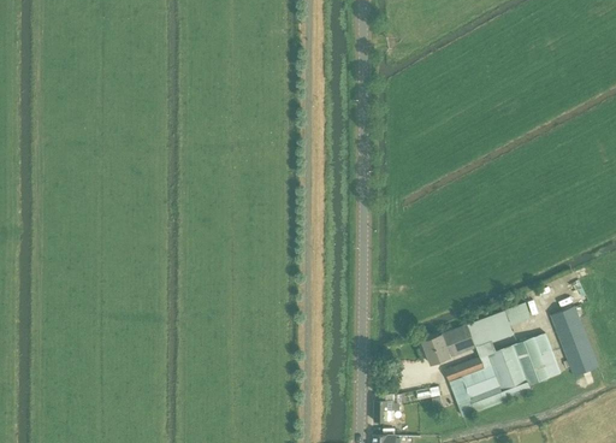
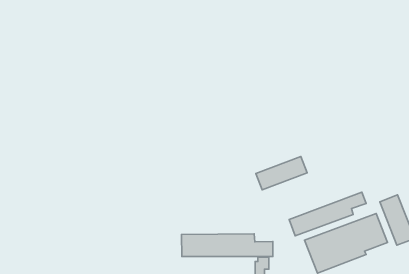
building: none -> [256,156,307,190]
building: none -> [182,234,273,257]

